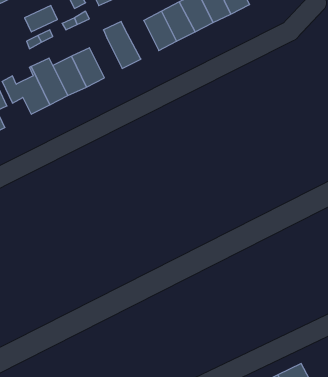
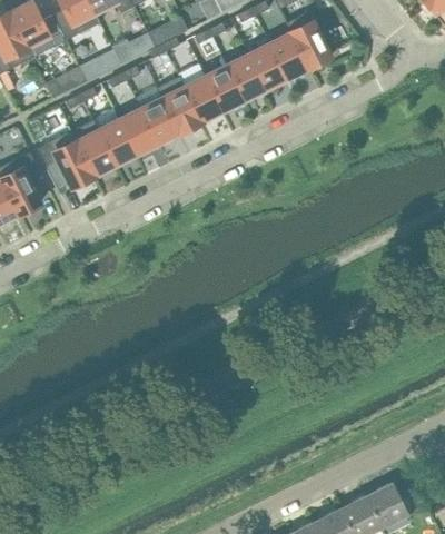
building: none -> [182,76,222,121]
building: none -> [140,97,179,144]

